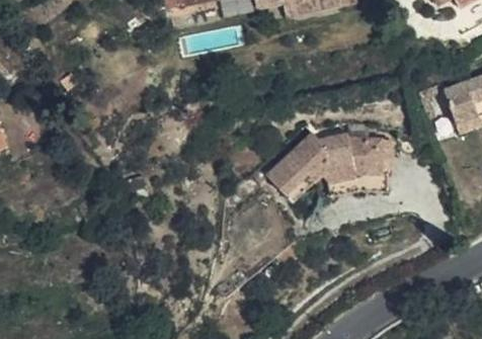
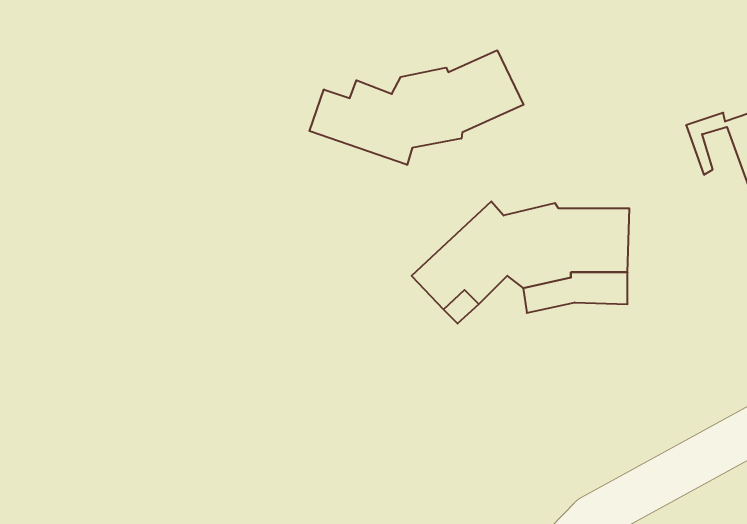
building: none -> [309,50,523,165]

